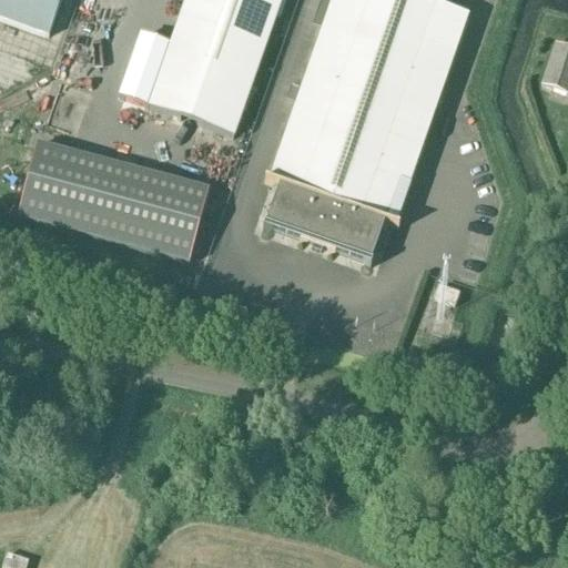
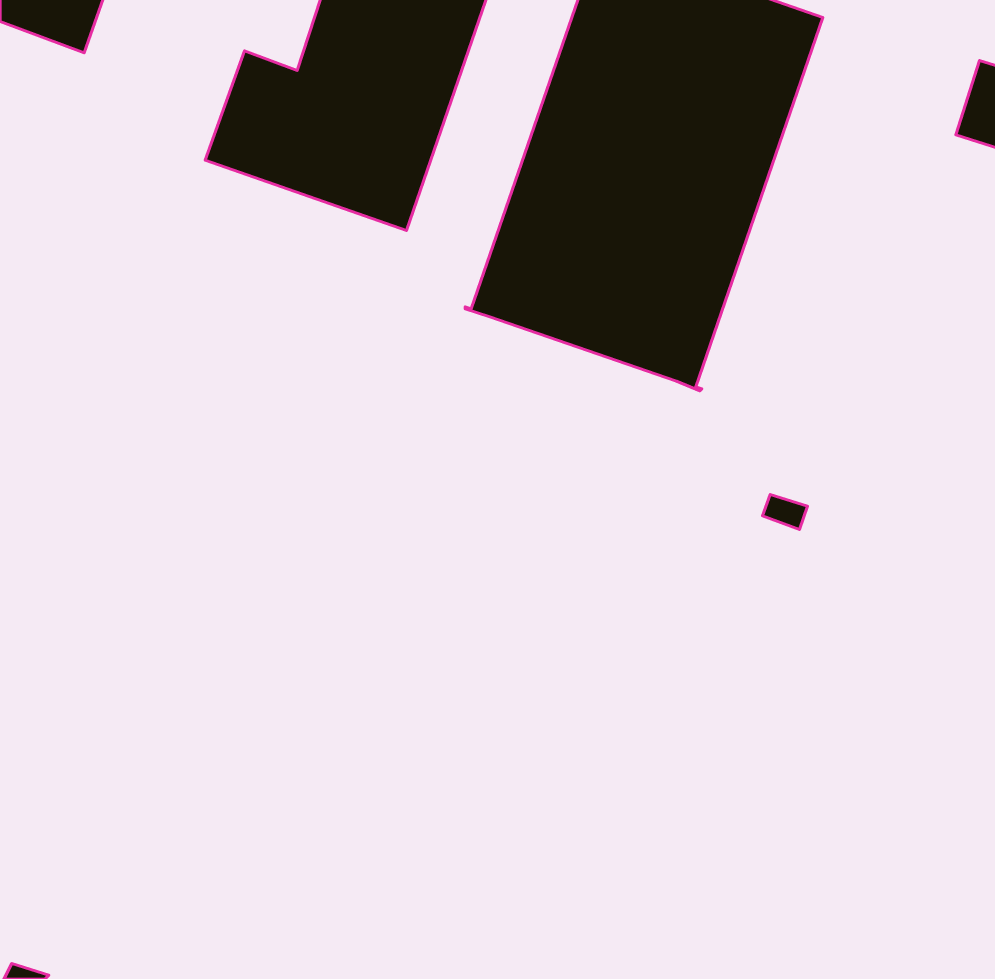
building: [19,138,210,257] -> none
building: [264,180,386,261] -> none

